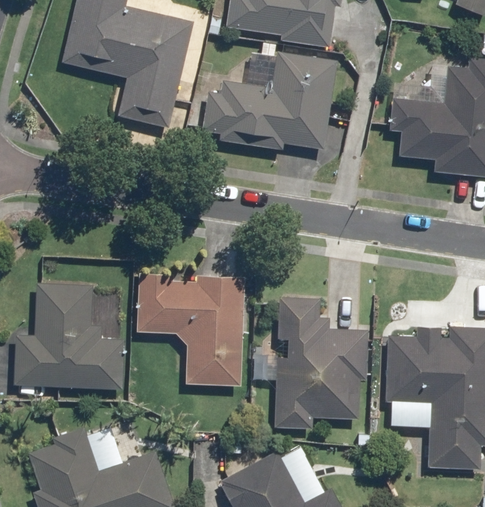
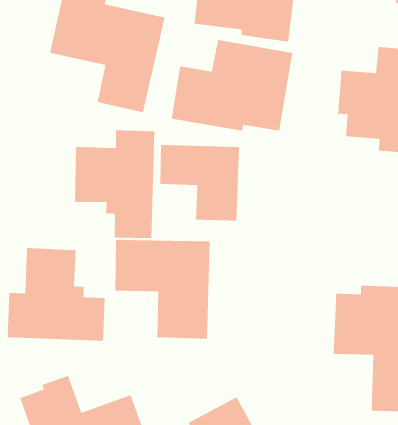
building: none -> [74,130,155,239]
building: none -> [159,144,240,222]
building: [263,297,368,431] -> none

